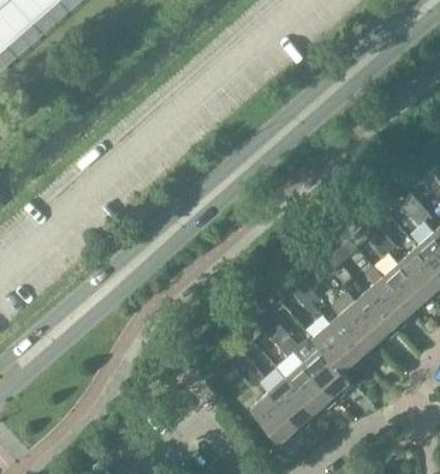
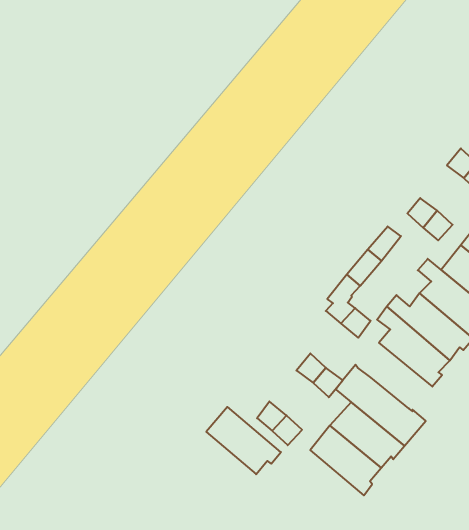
building: [311,323,363,373] -> none
building: [250,392,302,444] -> [206,407,281,474]

